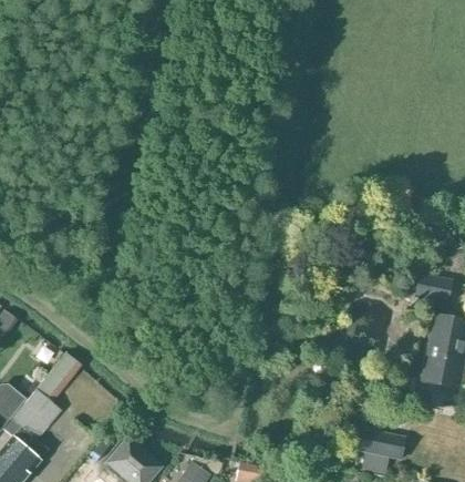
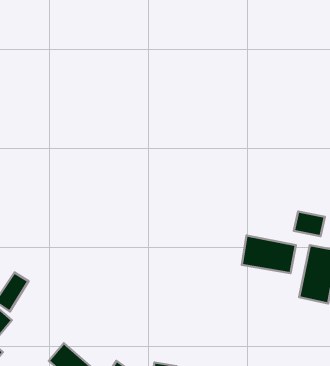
building: none -> [242,236,296,273]
building: [359,428,406,460] -> none

